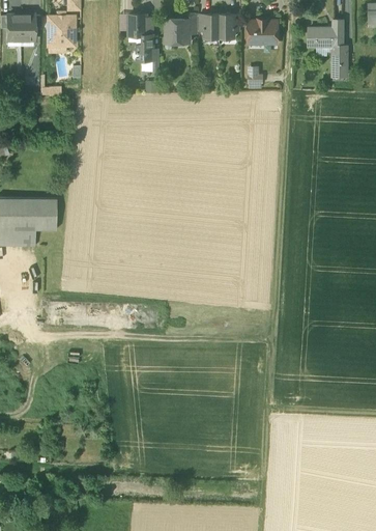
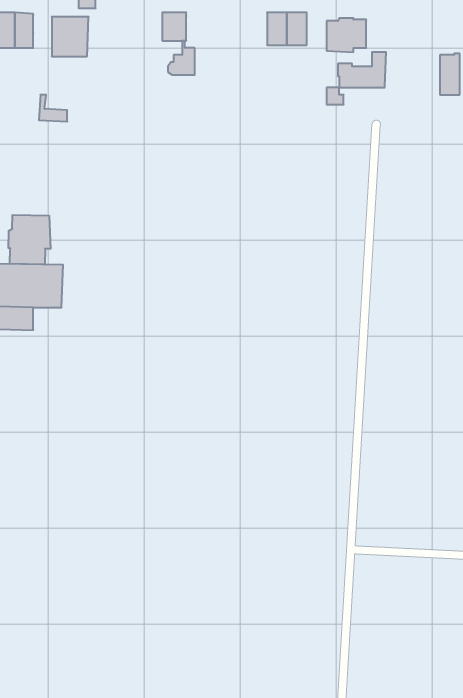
building: [166,13,197,43] -> none
building: [308,20,343,46] -> [338,52,386,88]
building: none -> [8,215,50,265]

